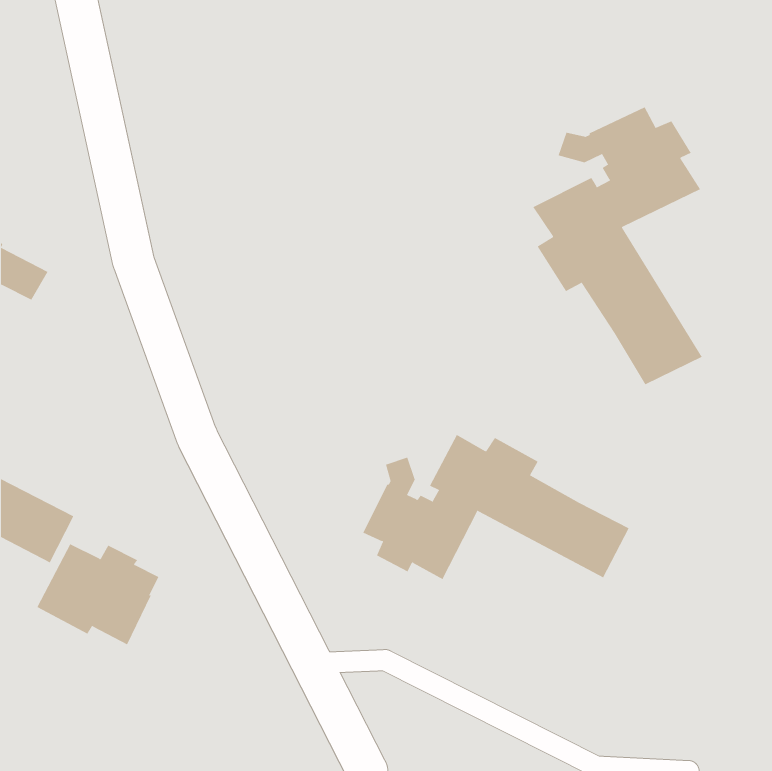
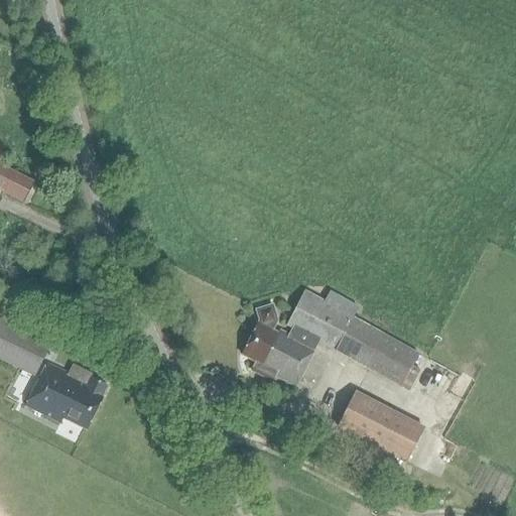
building: [532,107,702,385] -> none
building: none -> [339,392,424,460]

